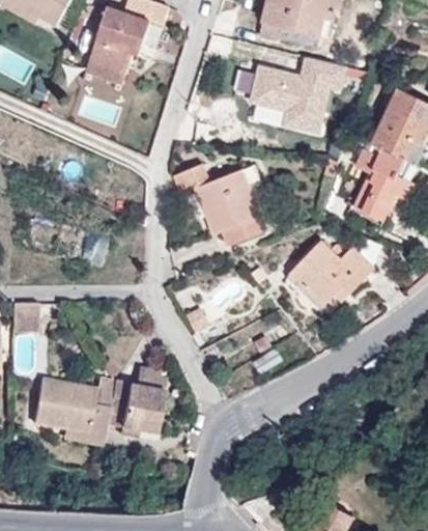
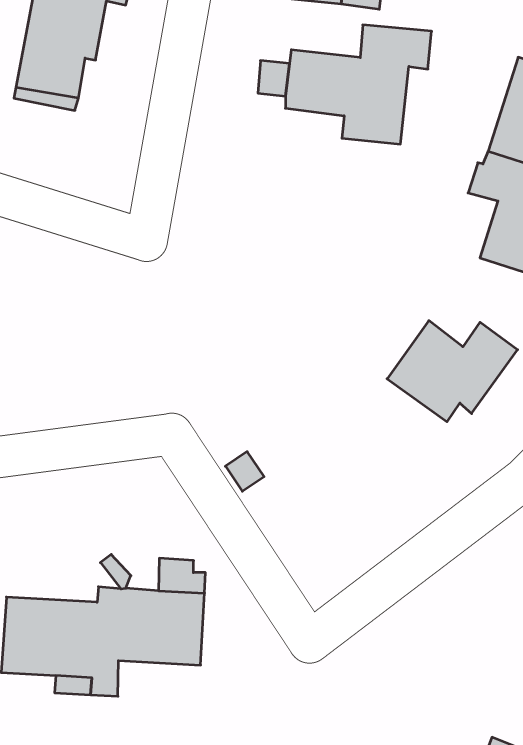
building: [173,164,266,246] -> none

